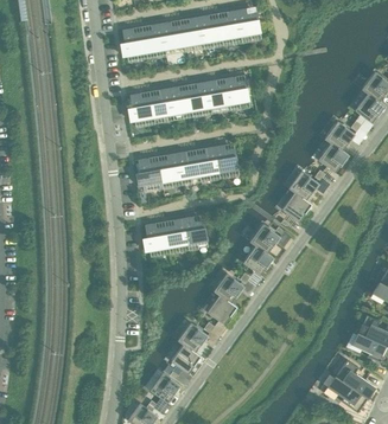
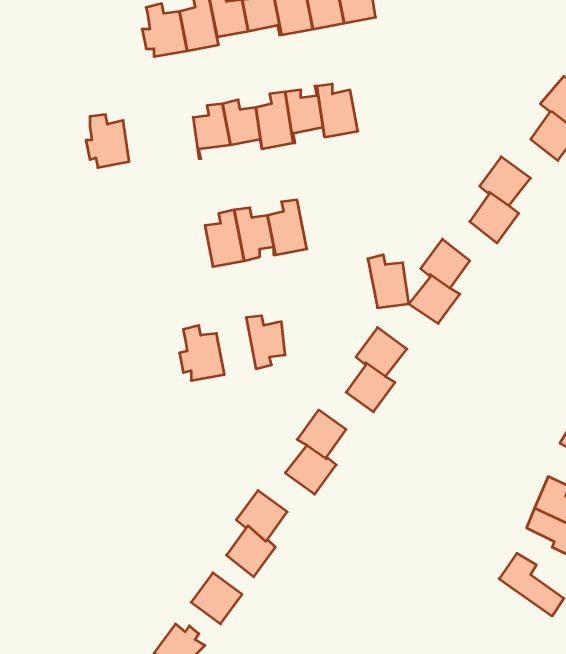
building: [127,94,153,126] -> [86,115,129,168]
building: [212,144,237,176] -> [368,255,409,308]
building: [135,159,161,191] -> none
building: [164,218,187,252] -> none
building: [326,375,367,413] -> none

